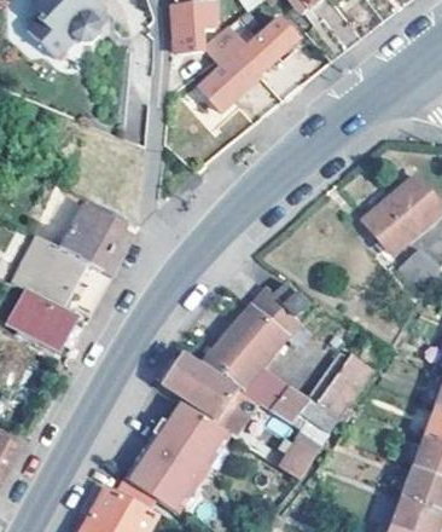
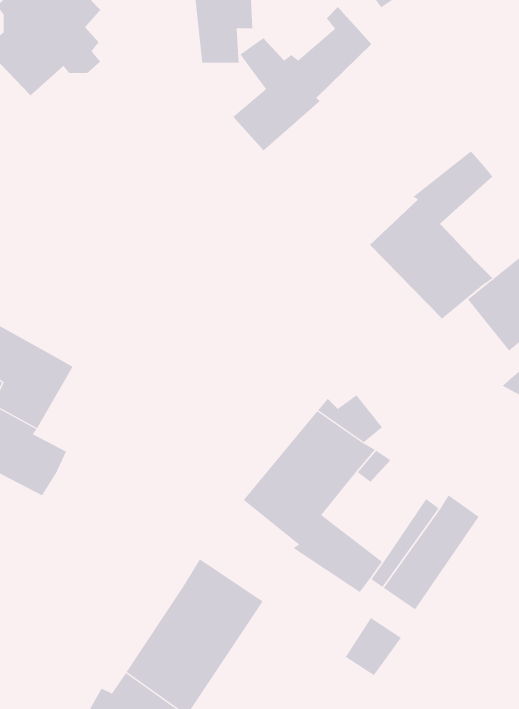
building: none -> [369,150,493,319]
building: [56,185,128,274] -> none
building: [164,353,237,418] -> none

